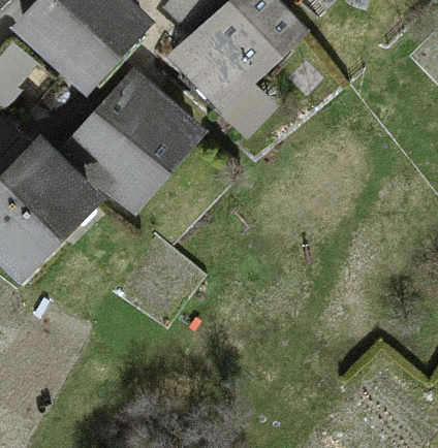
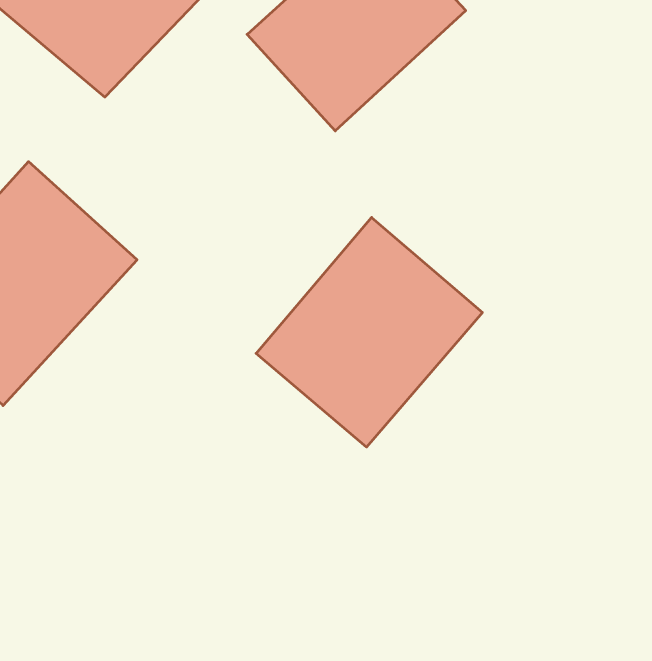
building: [63,69,202,207] -> none
building: none -> [256,217,482,447]

